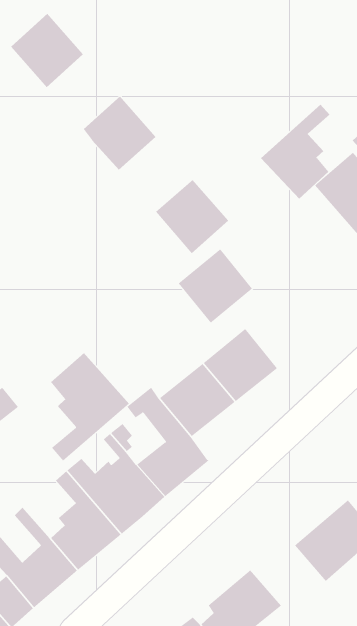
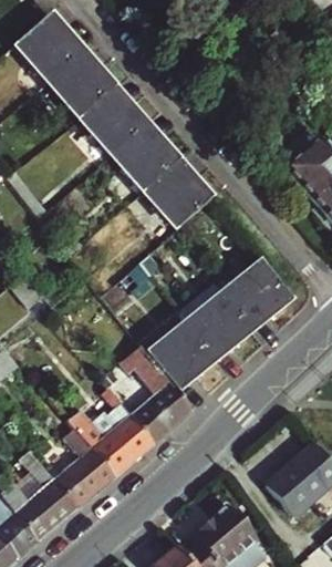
building: none -> [49,51,114,117]
building: [260,104,330,200] -> none
building: none -> [113,124,178,190]
building: [178,249,253,324] -> [225,262,291,329]
building: [50,352,130,462] -> none

